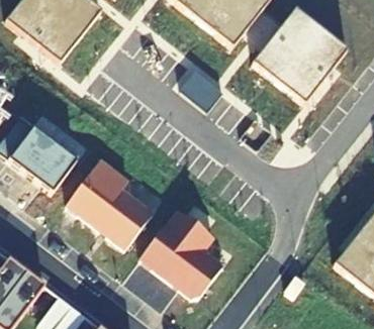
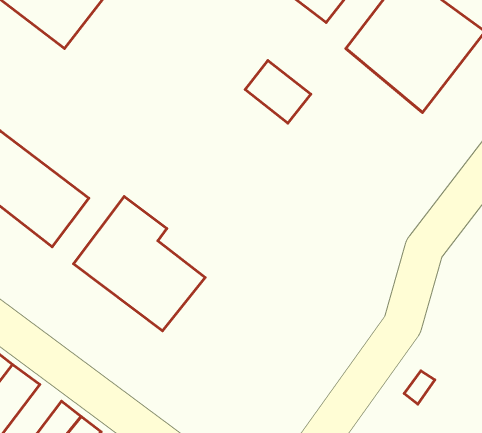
building: [138,206,222,296] -> none

